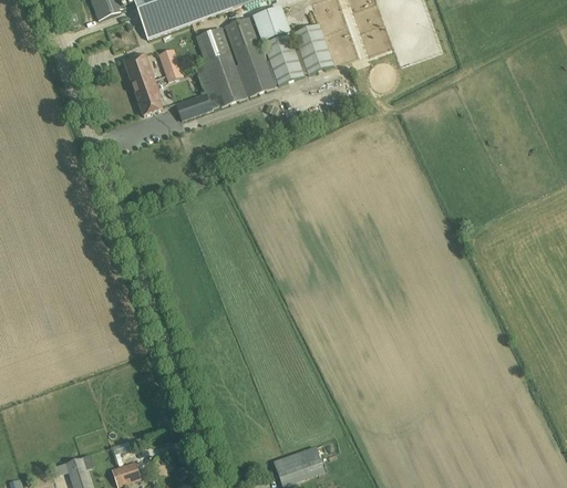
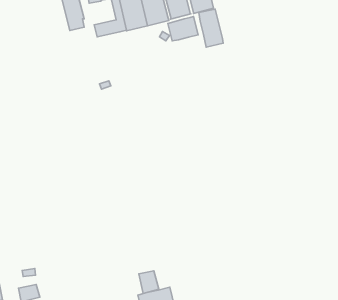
building: none -> [199,9,223,47]
building: none -> [168,17,198,41]
building: none -> [139,271,159,293]

